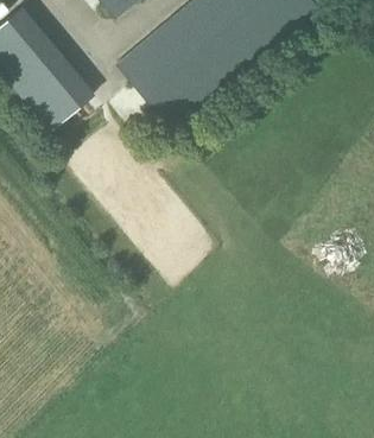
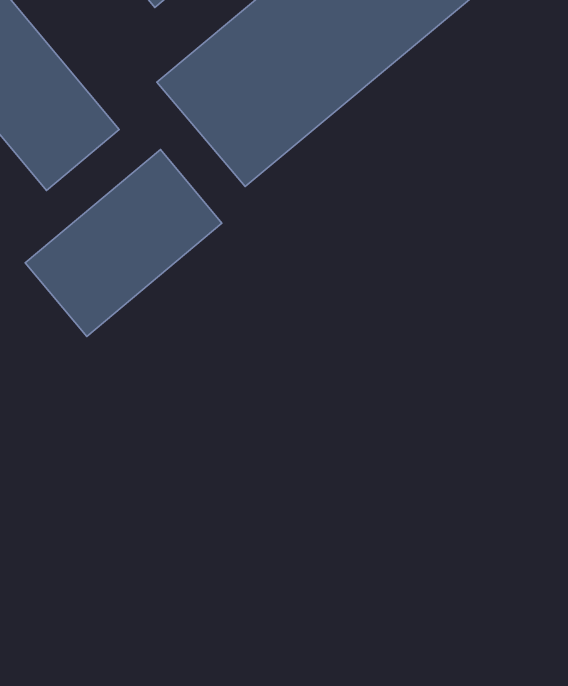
building: none -> [25,150,222,336]

